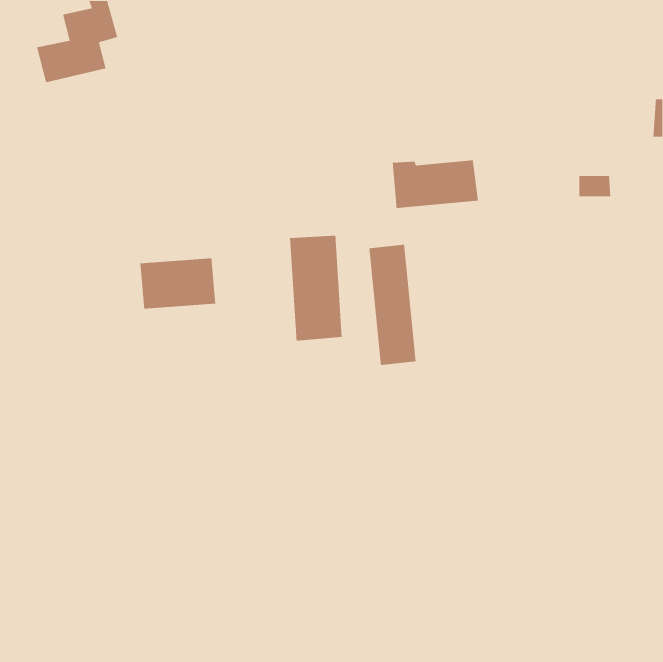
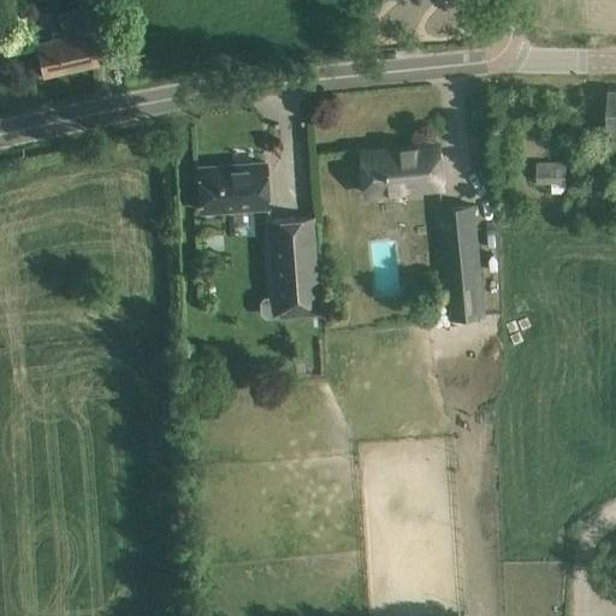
building: [369,244,417,366] -> [439,207,484,320]
building: [140,258,216,309] -> [197,164,268,212]

